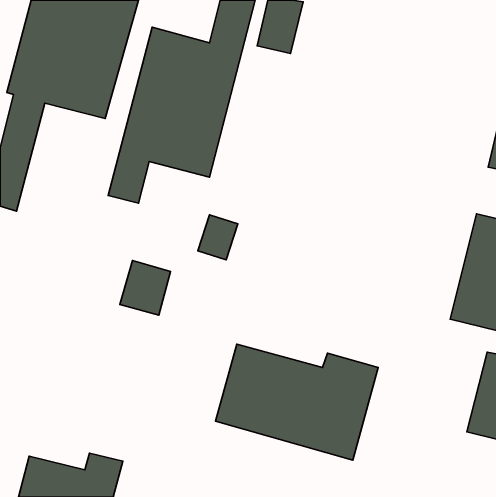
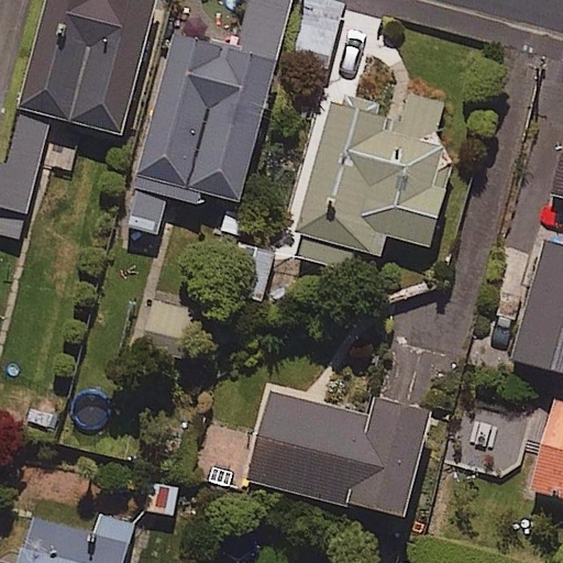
building: none -> [287,92,454,269]

